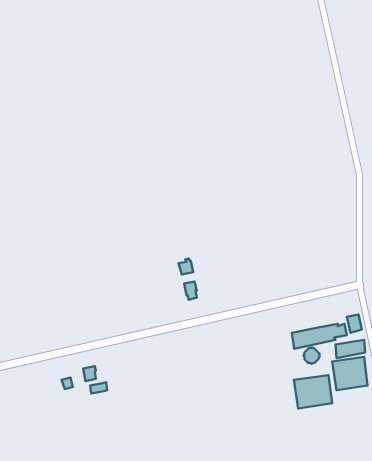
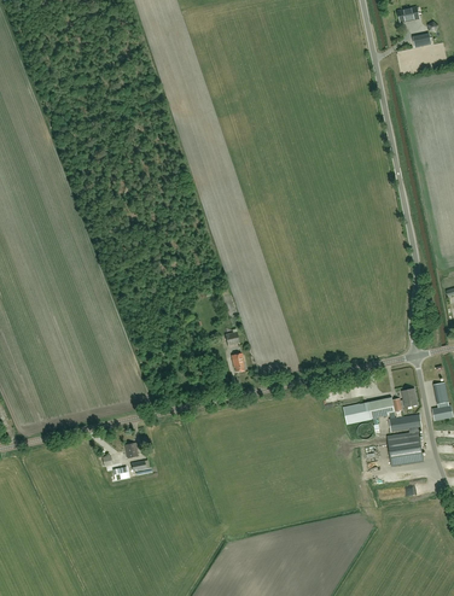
building: [294,375,332,409] -> none

